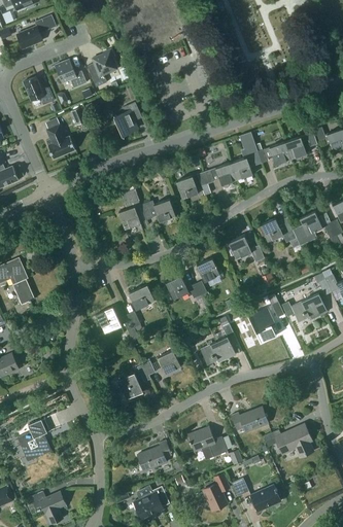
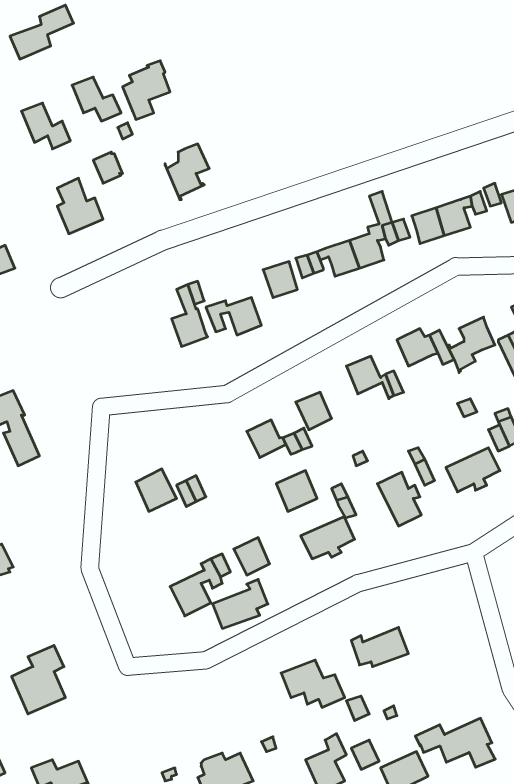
building: [129,284,155,310] -> [276,471,317,511]
building: [263,425,313,456] -> [415,718,495,767]
building: [137,440,172,470] -> [212,579,268,628]

